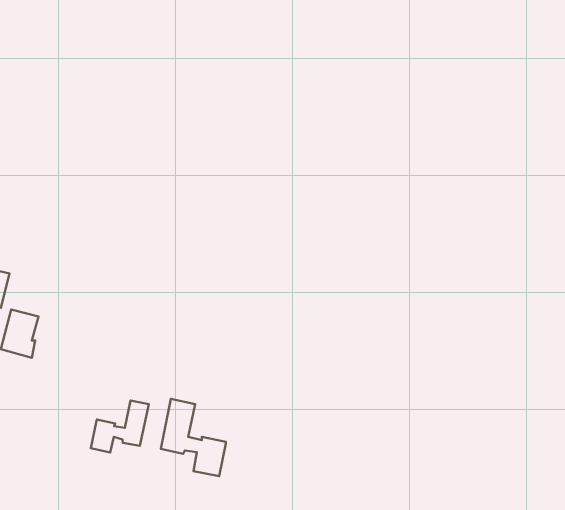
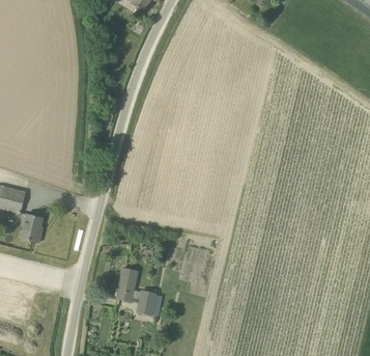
building: [91,401,149,453] -> none

